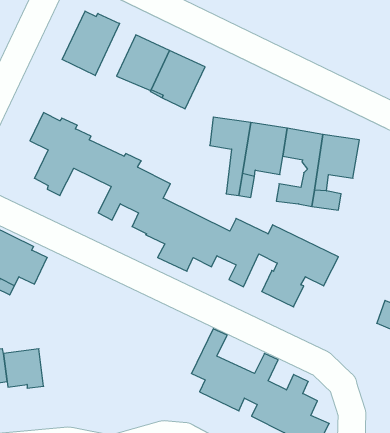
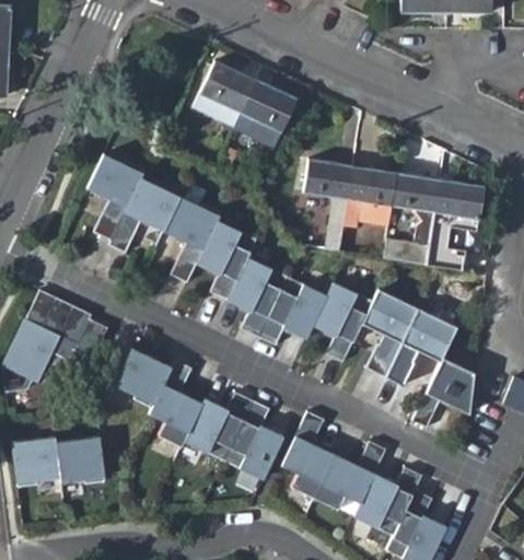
building: [62,11,120,76] -> none
building: none -> [114,349,283,479]
building: none -> [411,357,473,428]

